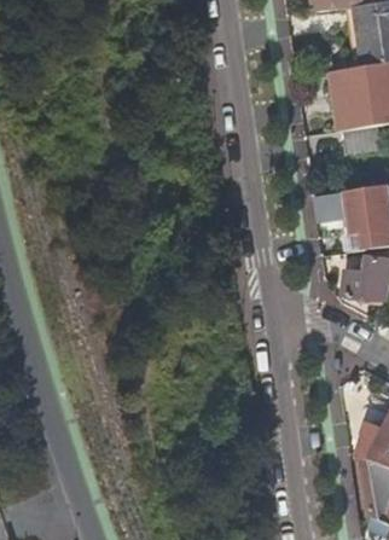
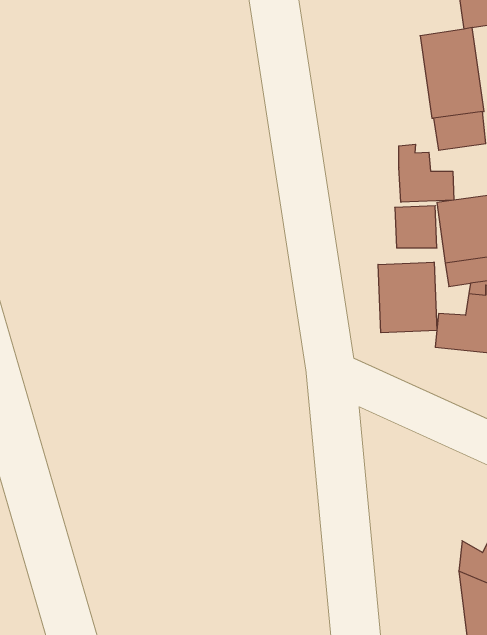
building: none -> [399,144,454,202]
building: none -> [378,262,437,333]

